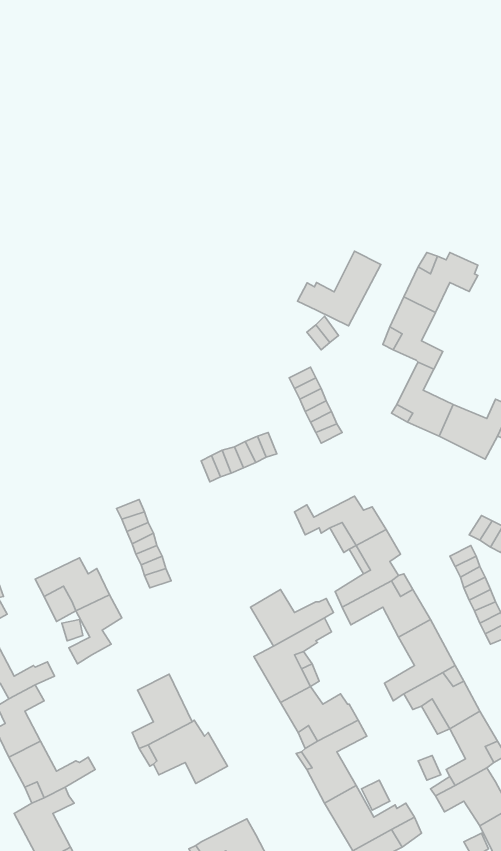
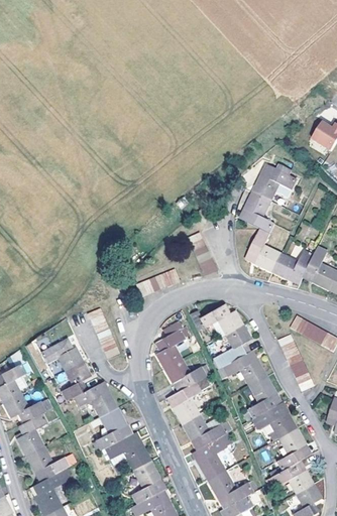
building: [297,251,381,326] -> none
building: none -> [156,321,191,369]
building: none -> [74,381,118,416]
building: none -> [132,460,165,503]

